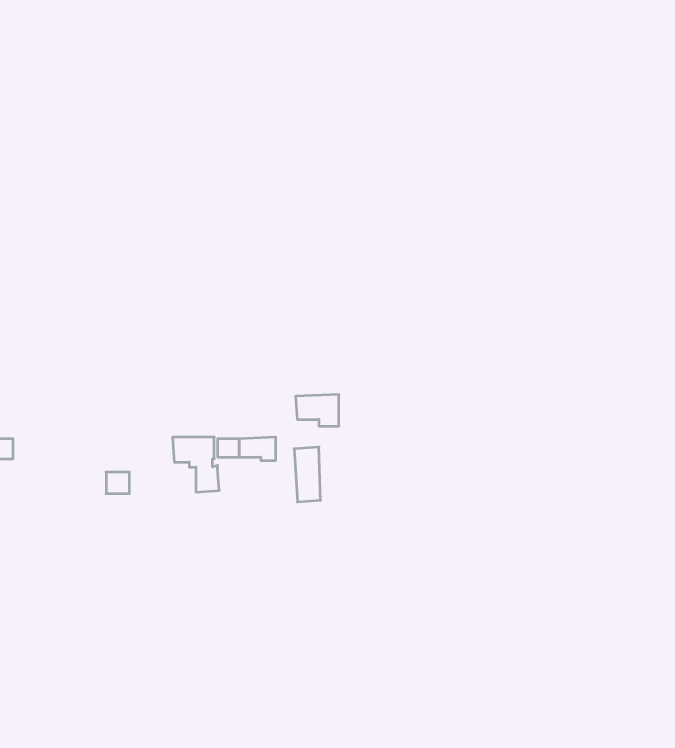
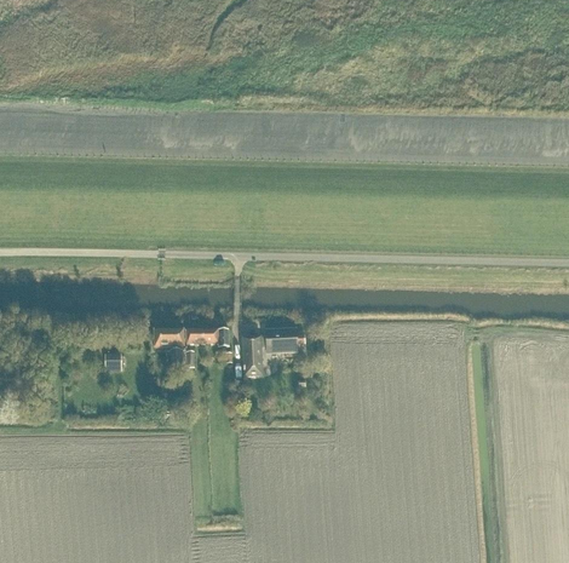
building: [296,395,339,426] -> [268,329,299,352]

